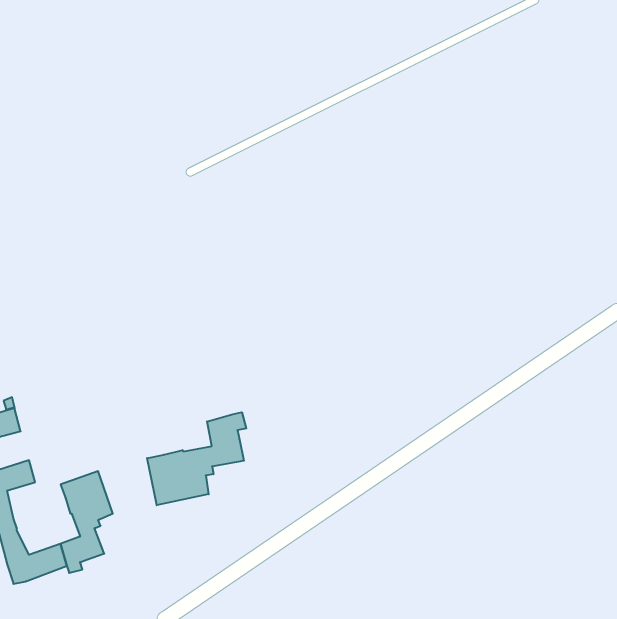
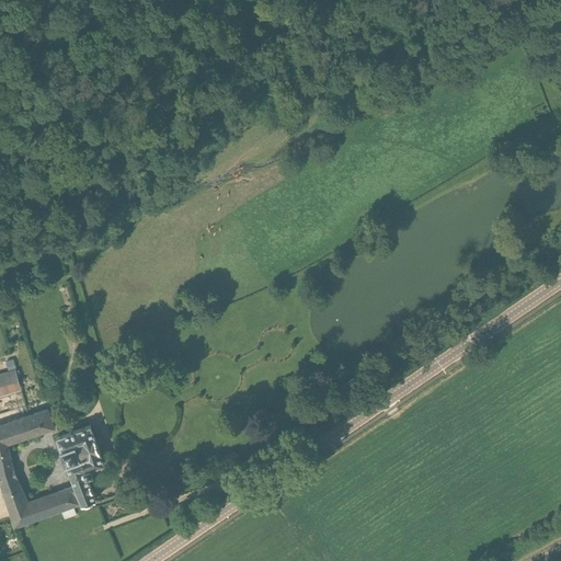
building: [147,412,246,505] -> none
building: none -> [26,410,53,436]

